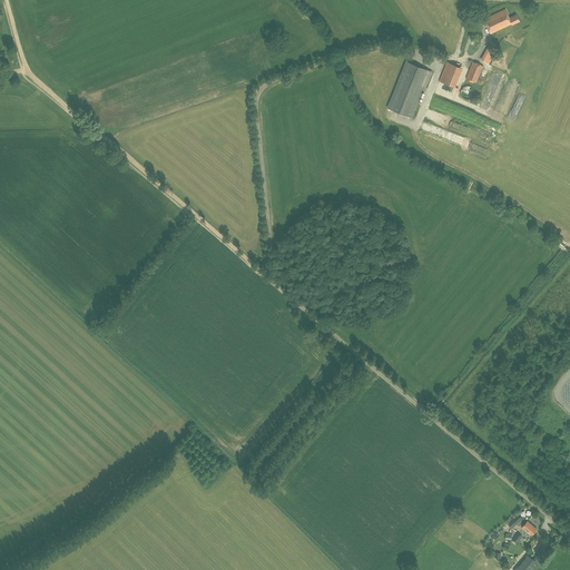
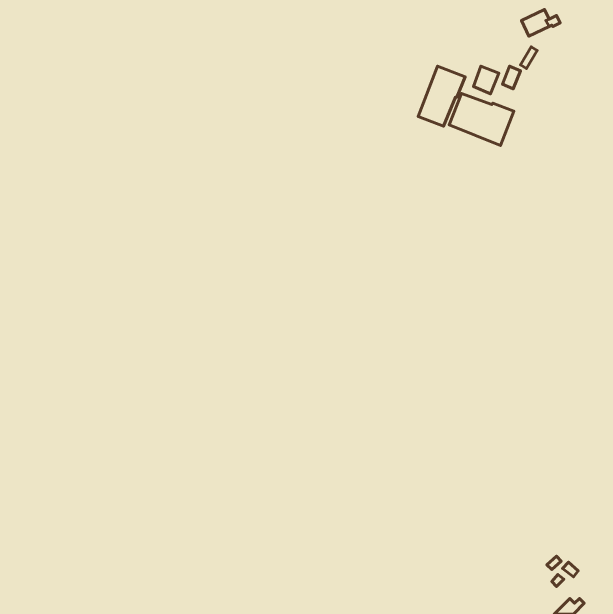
building: none -> [449,94,514,145]

